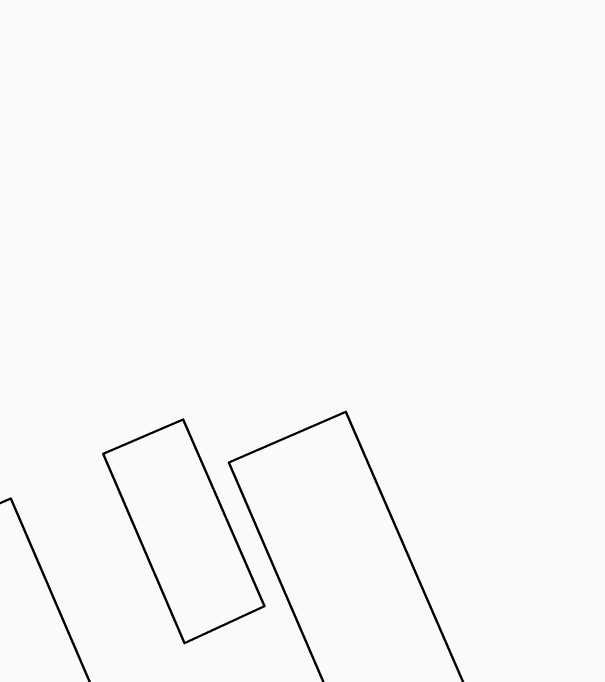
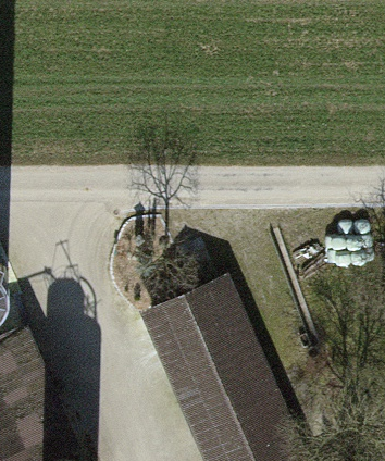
building: [103,419,264,643] -> none

